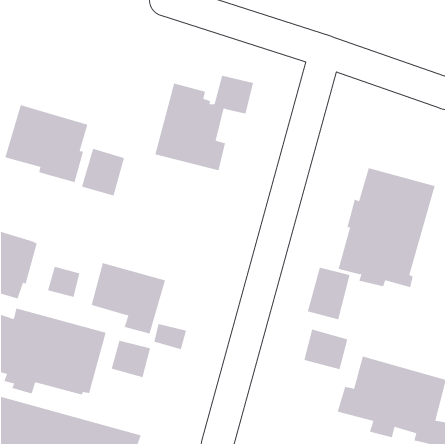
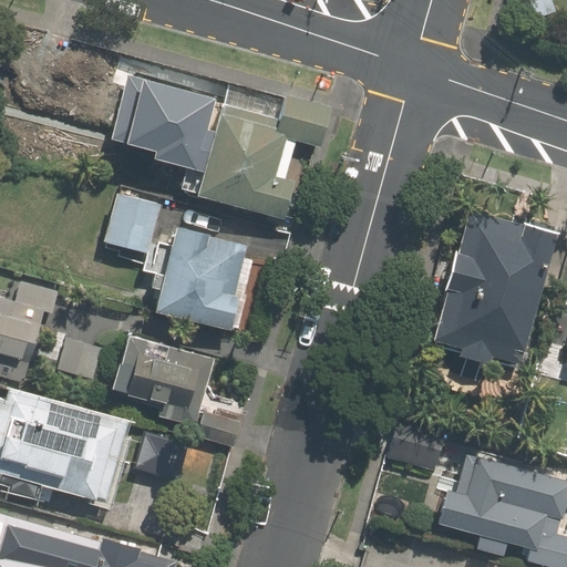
building: [5,104,88,183] -> [110,68,216,167]
building: none -> [157,227,244,328]
building: [307,267,350,320] -> none

